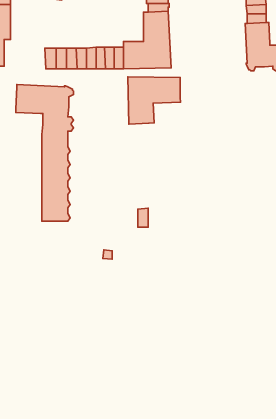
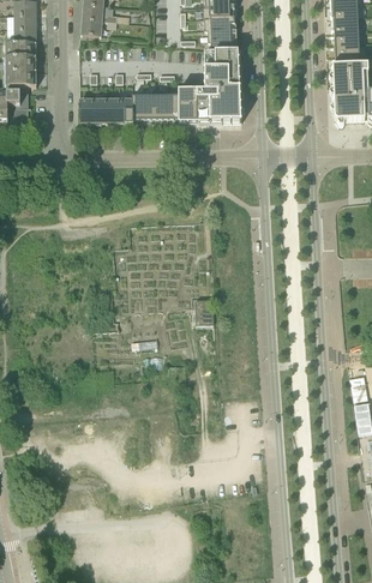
building: [128,77,180,124] -> none
building: [16,85,73,221] -> none

